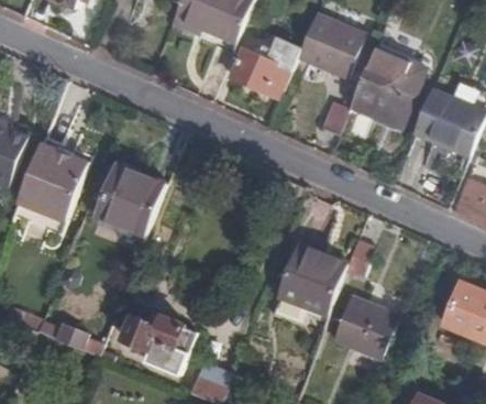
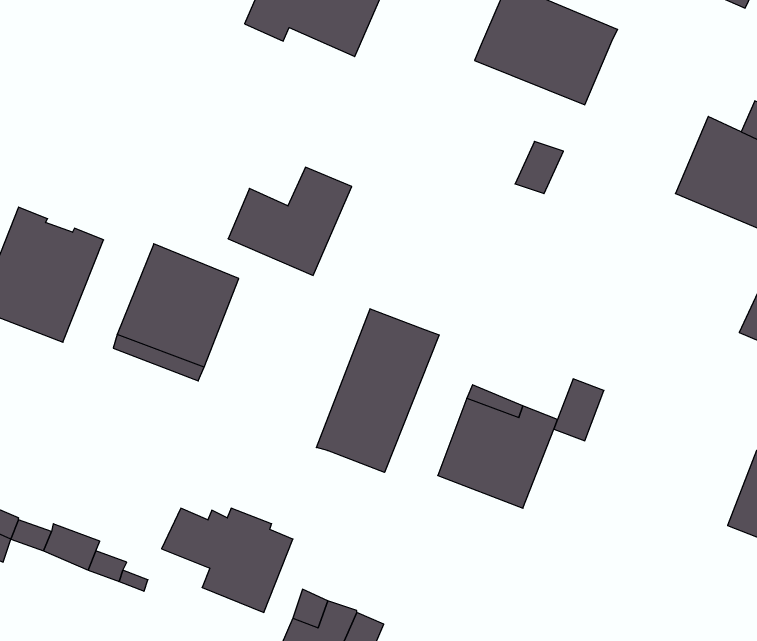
building: [231,39,301,100] -> [228,167,352,275]
building: [354,46,426,125] -> none
building: none -> [316,309,439,472]
building: [330,294,396,357] -> none

